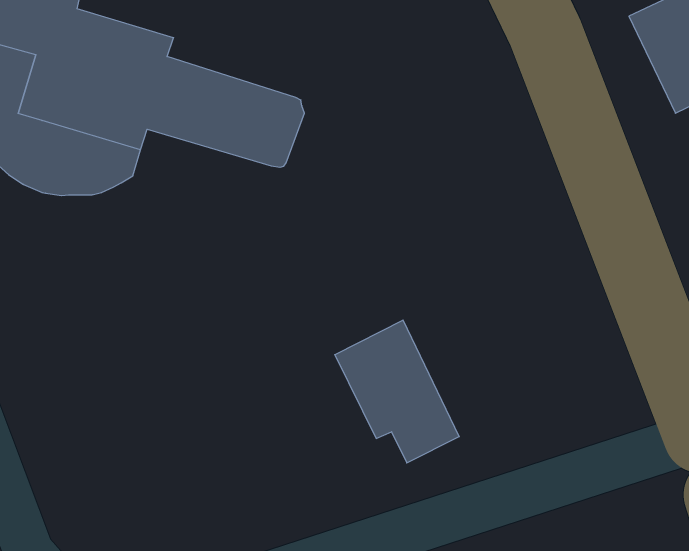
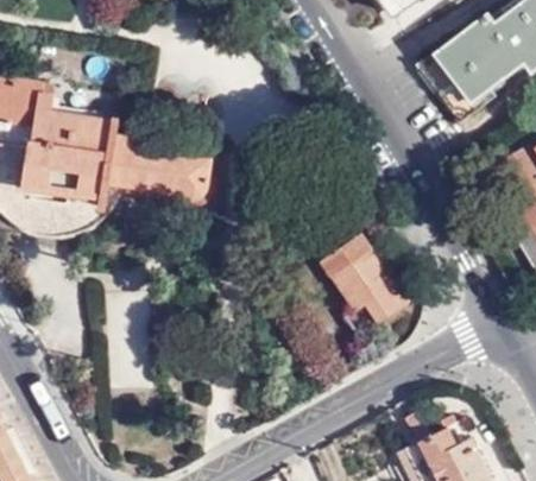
building: [335,320,459,463] -> [320,230,410,324]

